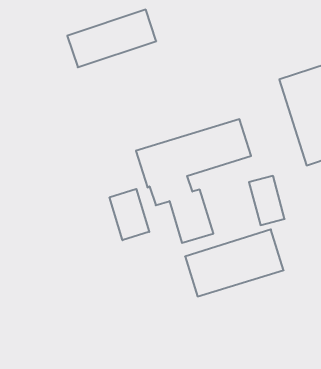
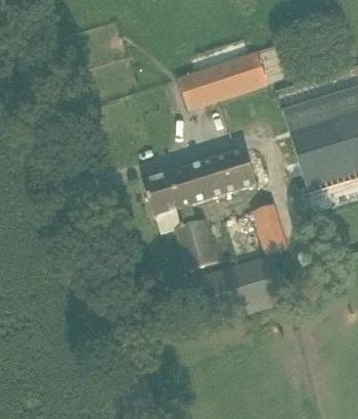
building: [67,10,156,67] -> [180,51,267,107]
building: [110,189,149,240] -> none

